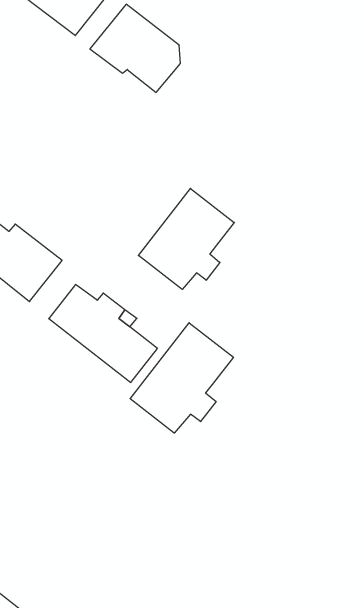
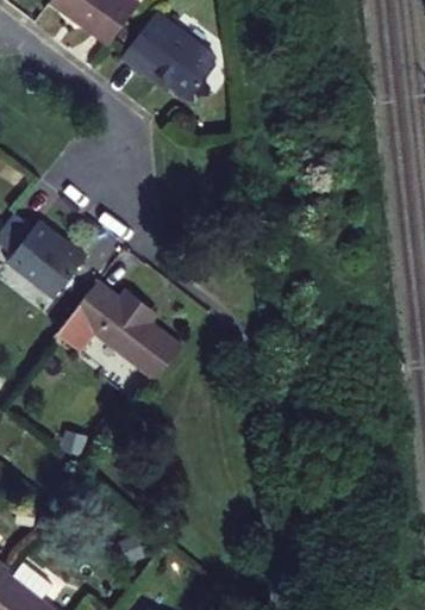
building: [138,188,234,289] -> none
building: [130,323,233,433] -> none

